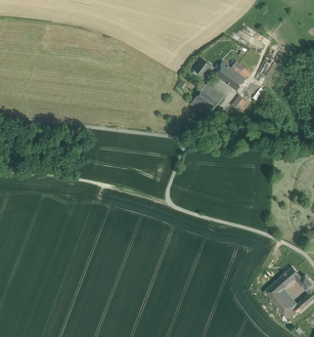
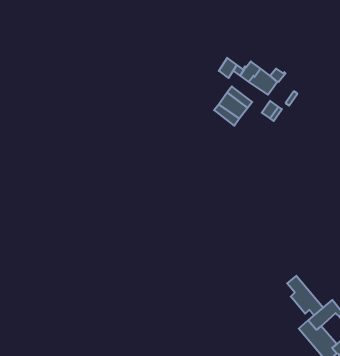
building: none -> [287,276,323,315]

